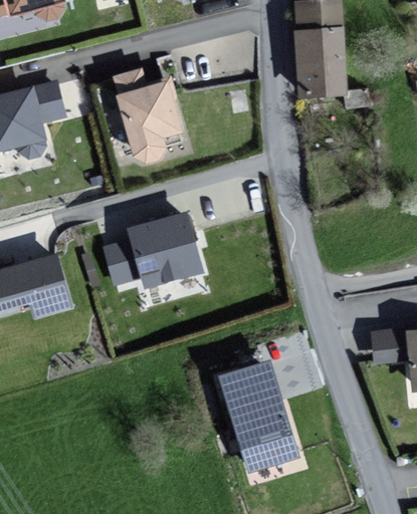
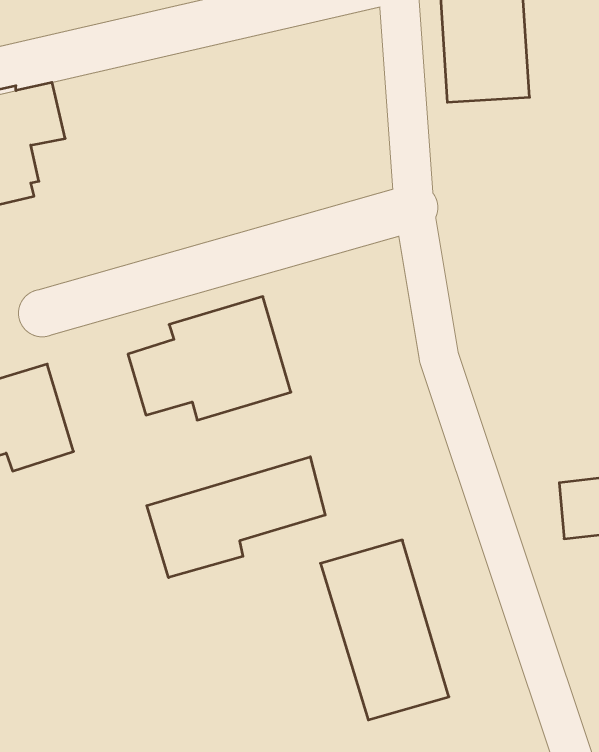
building: [113,67,181,161] -> none
building: none -> [147,457,325,578]

